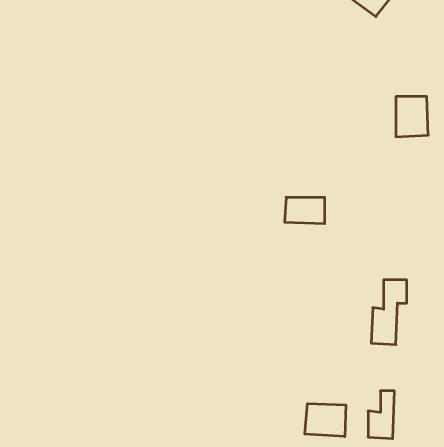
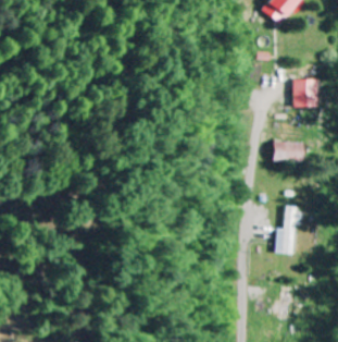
building: [285,197,325,224] -> [274,142,302,160]
building: [305,404,346,437] -> none

